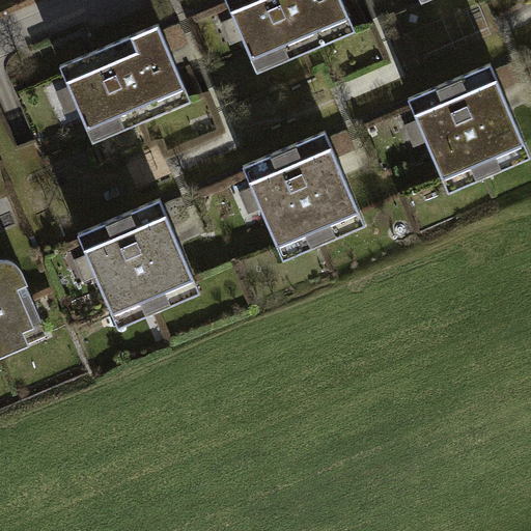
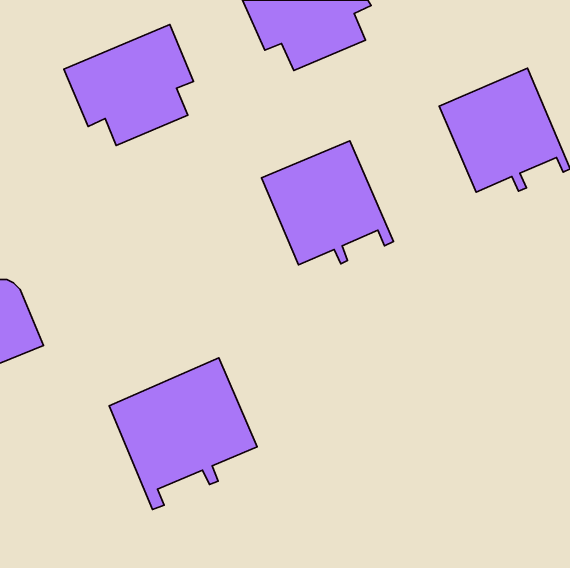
building: [77,201,199,316] -> none
building: none -> [109,358,257,509]

